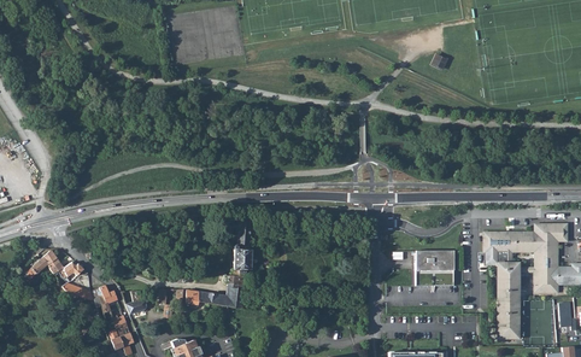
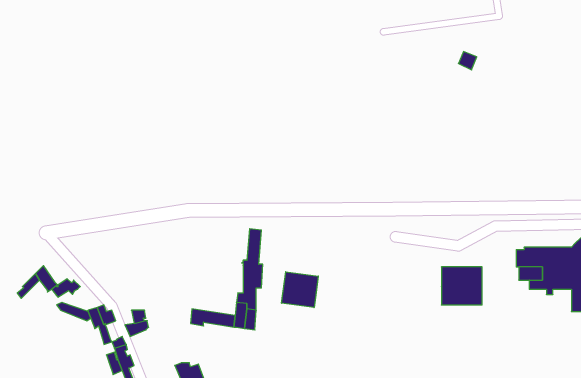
building: none -> [282,272,318,308]
building: [498,271,520,338] -> none

